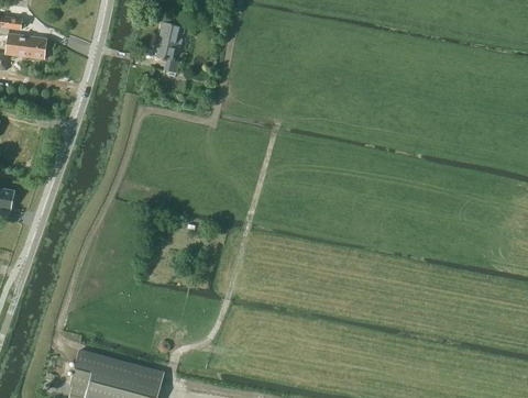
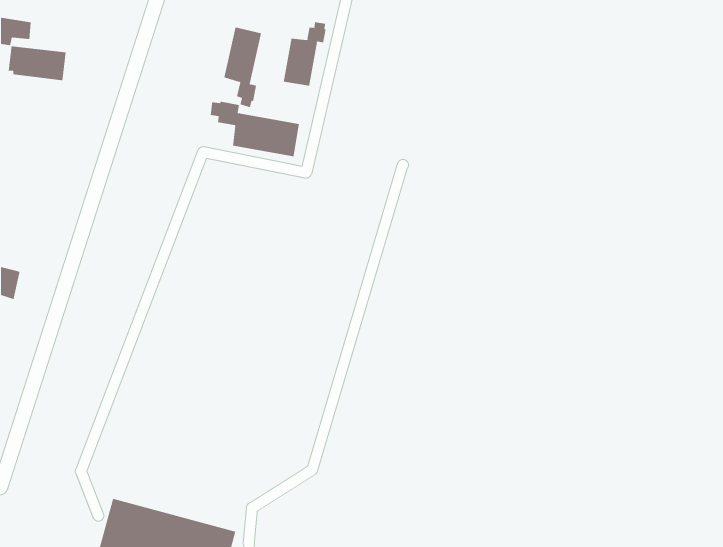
building: none -> [283,22,326,87]
building: none -> [210,101,299,157]

